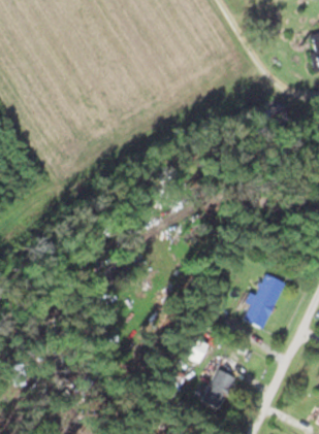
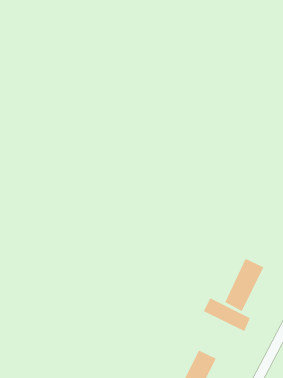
building: none -> [203,298,250,332]

